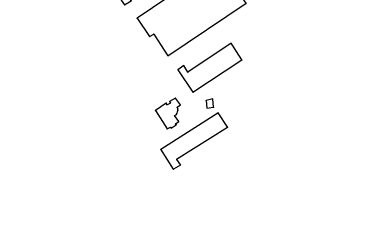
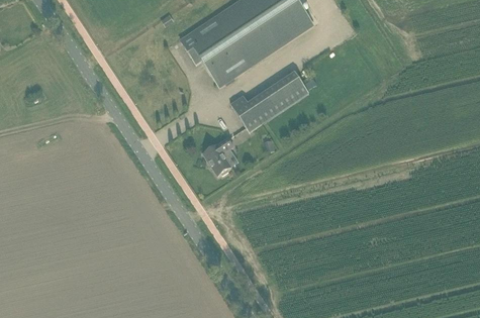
building: [161,113,228,169] -> none

